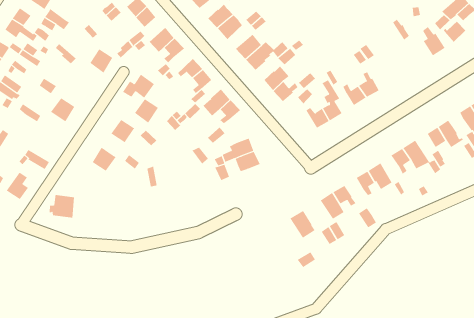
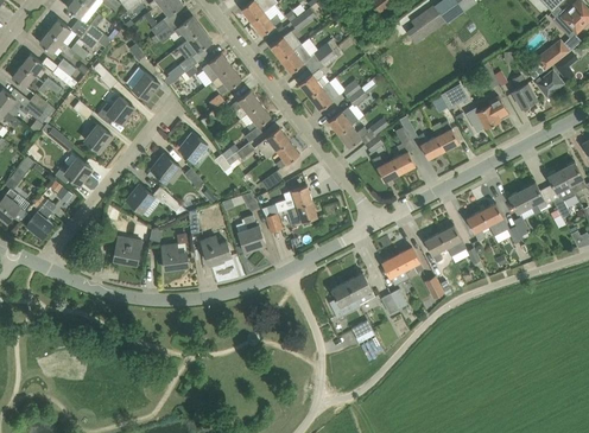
building: none -> [466,96,507,132]
building: [122,74,155,99] -> [96,96,134,125]
building: none -> [55,154,91,185]
building: none -> [238,215,265,251]
building: none -> [201,236,230,267]
building: [49,194,75,218] -> [109,236,140,265]
building: none -> [162,243,188,269]
building: none -> [329,281,359,319]

